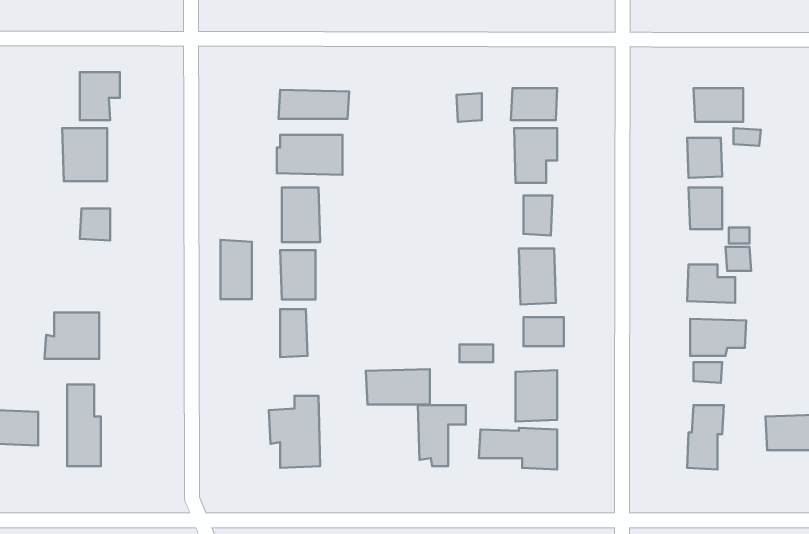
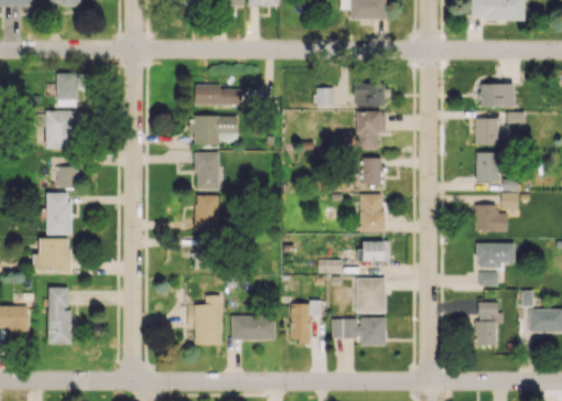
building: [220,240,252,299] -> none
building: none -> [47,193,71,234]
building: [366,369,430,404] -> [231,315,275,339]

